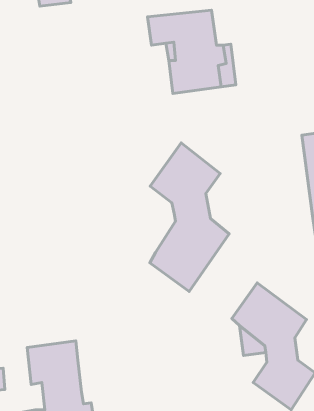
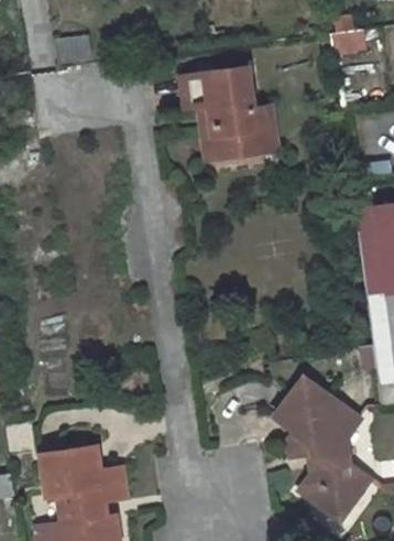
building: [150,143,229,292] -> none
building: none -> [99,463,129,501]

